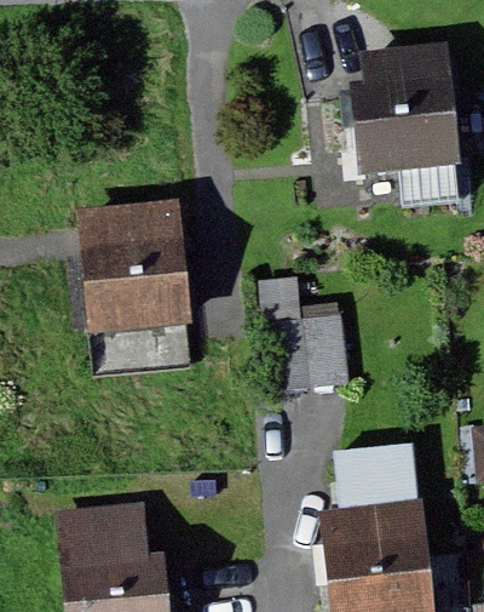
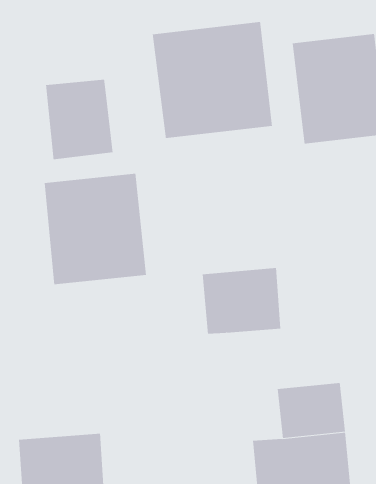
building: none -> [152,21,272,139]
building: none -> [45,79,113,160]

